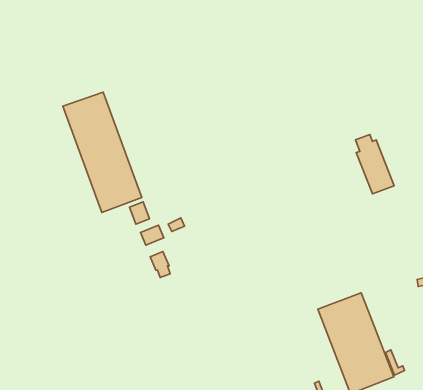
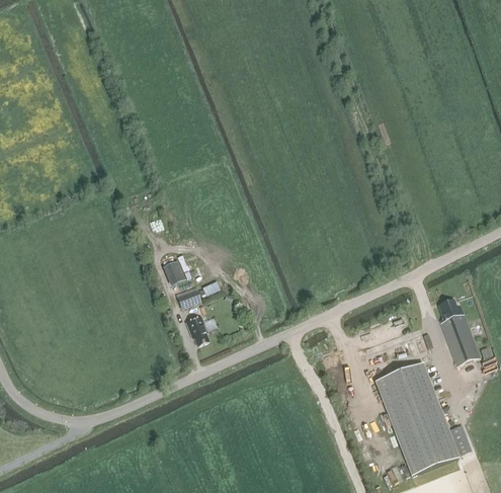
building: [63,92,142,213] -> none
building: [355,134,394,194] -> [437,298,481,364]

